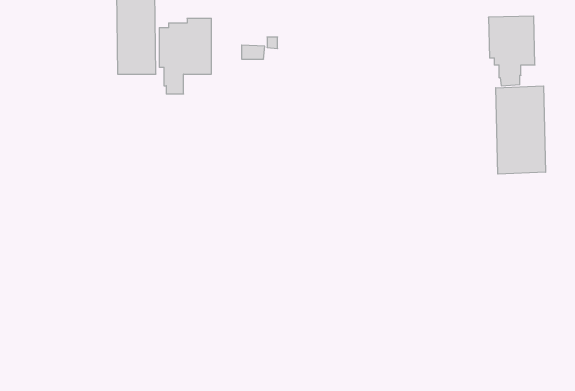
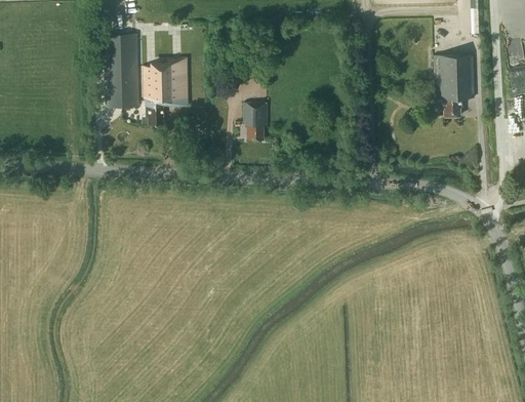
building: none -> [243,104,267,139]
building: [496,86,546,174] -> none

